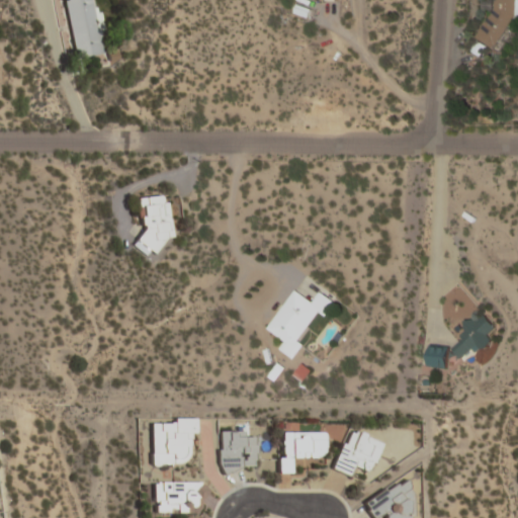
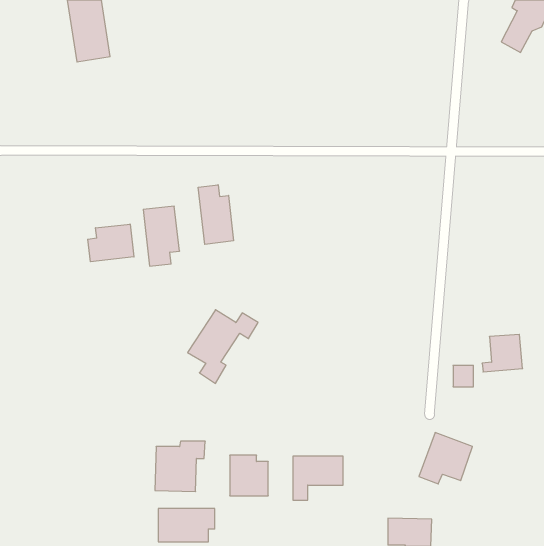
building: none -> [198,185,233,244]
building: none -> [88,224,134,262]
building: [270,289,337,359] -> [188,310,258,383]
building: [333,428,383,477] -> [419,433,472,484]

